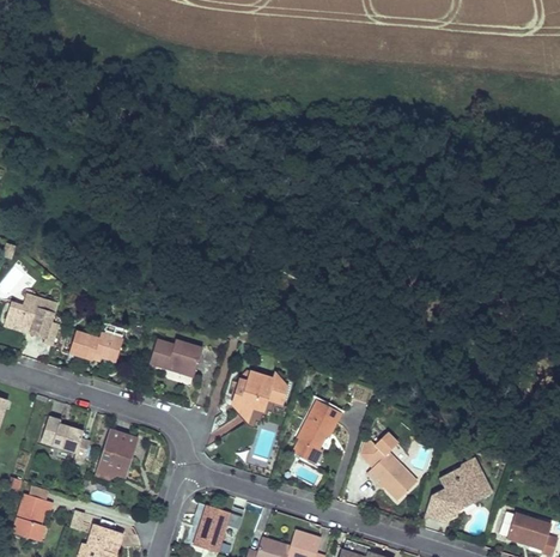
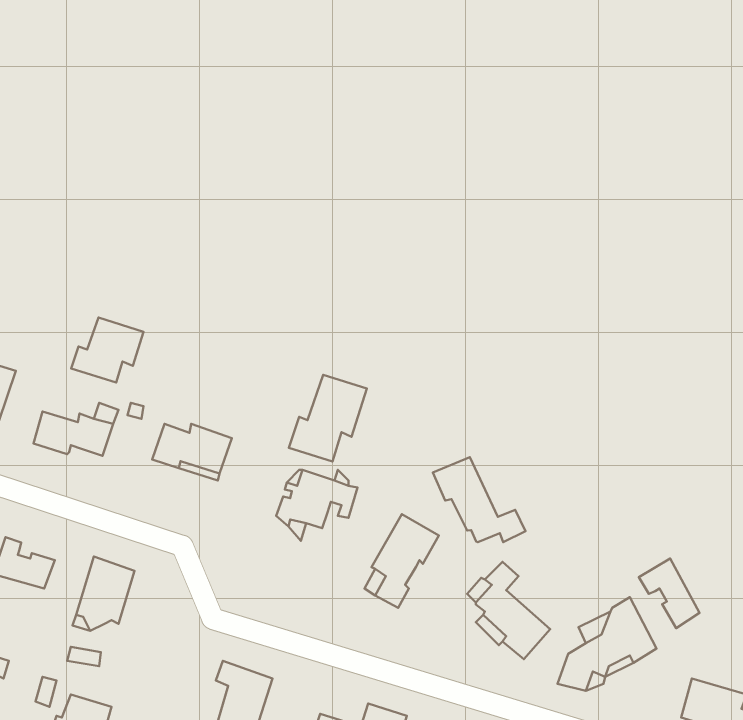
building: none -> [71,318,144,383]
building: none -> [289,375,367,462]
building: none -> [433,457,526,542]
building: none -> [639,559,700,628]

